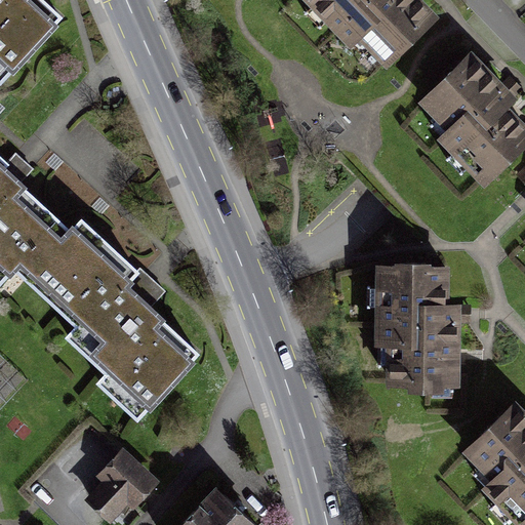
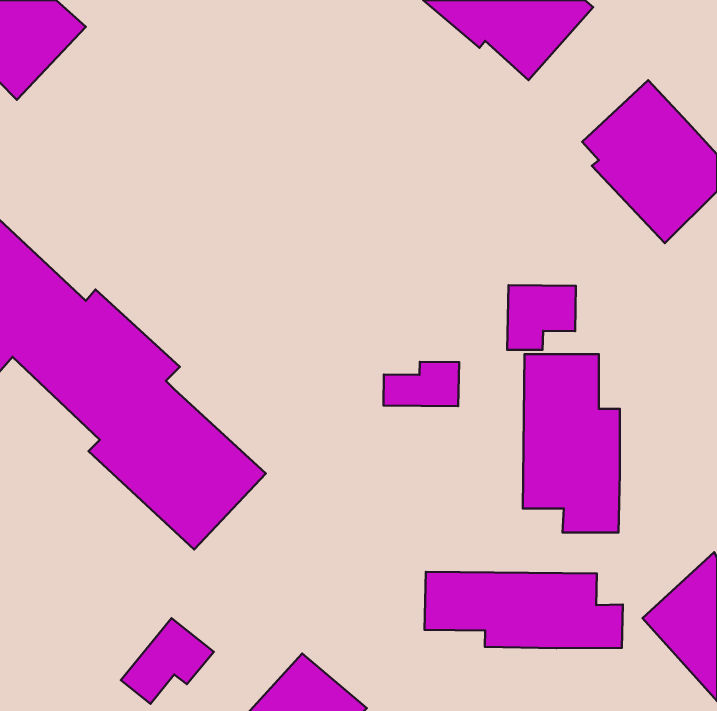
building: none -> [507,285,576,350]
building: none -> [383,362,459,406]
building: none -> [425,572,623,648]

